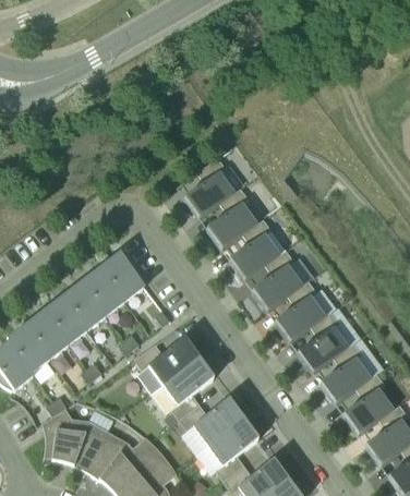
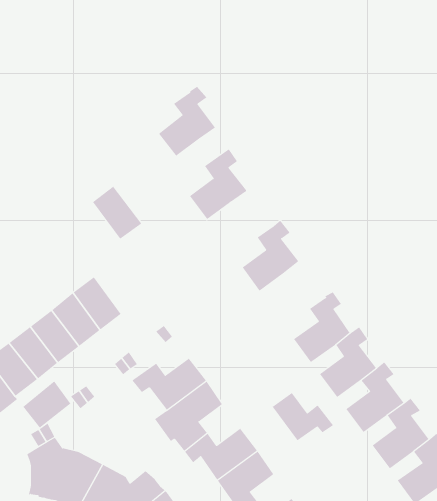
building: [207,187,257,249] -> [158,86,216,156]
building: [252,249,303,311] -> none
building: [101,253,145,300] -> [92,186,142,240]
building: none -> [23,380,71,428]
building: none -> [272,392,334,441]

